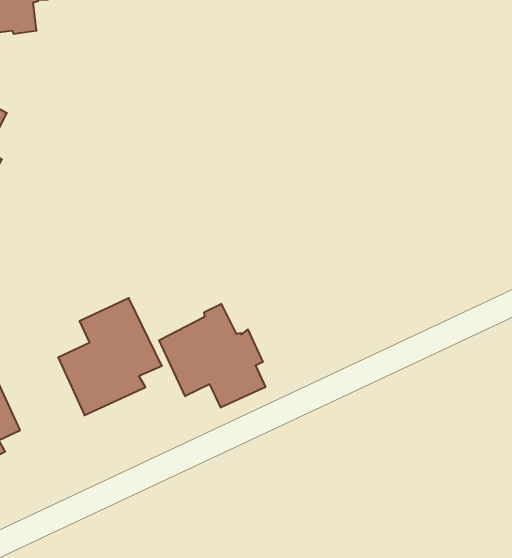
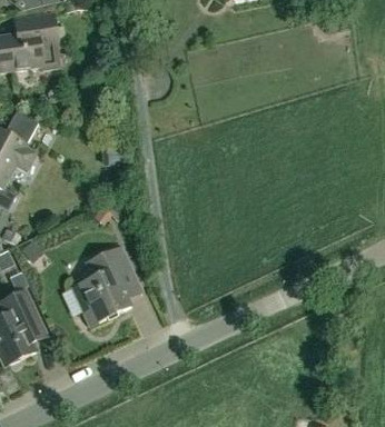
building: [159,304,265,408] -> none

